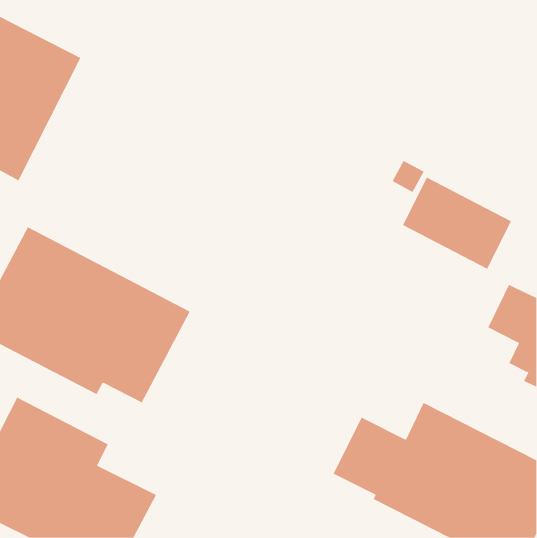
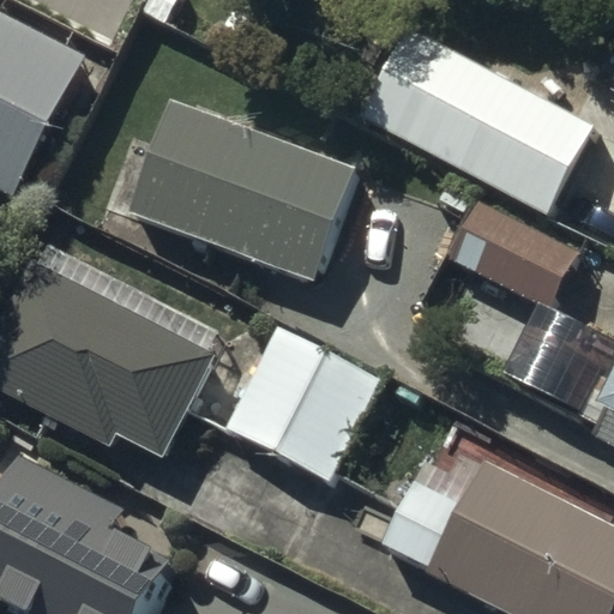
building: none -> [362,26,586,205]
building: none -> [128,103,355,281]
building: none -> [223,326,377,477]

